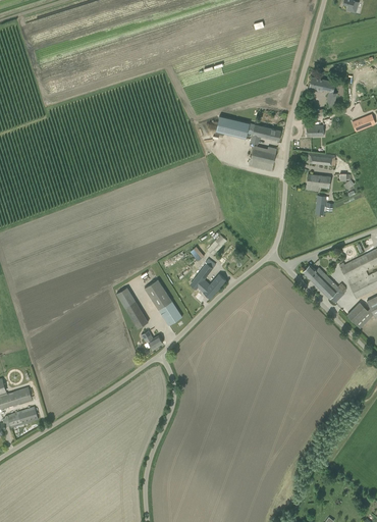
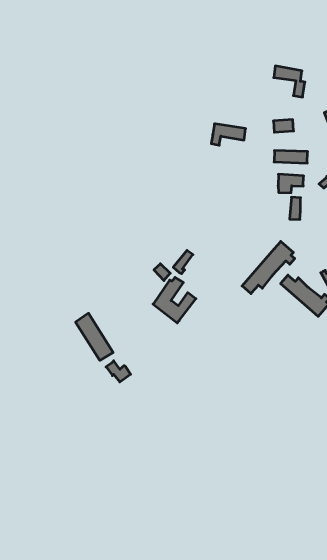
building: [216,115,253,139] -> none
building: [249,146,277,171] -> none
building: none -> [242,241,295,294]
building: [145,279,182,325] -> none

